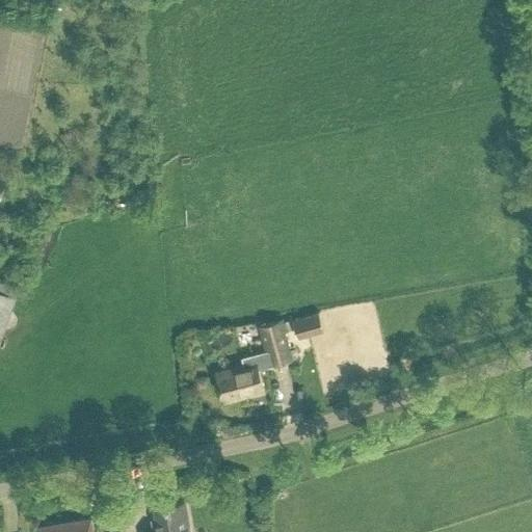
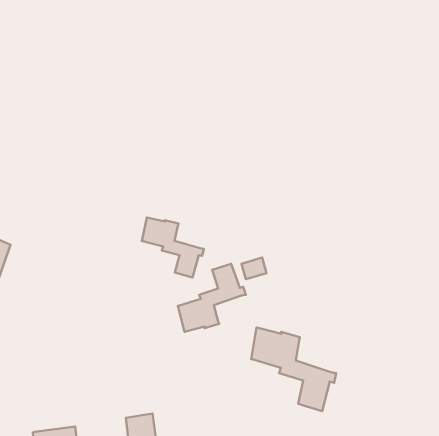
building: none -> [142,218,204,277]
building: none -> [251,327,336,411]

